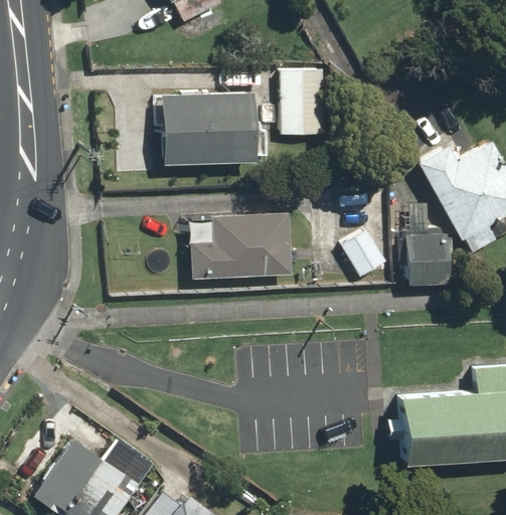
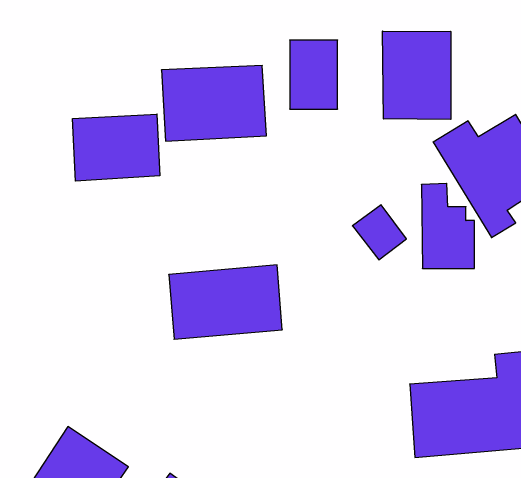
building: none -> [383,31,451,119]
building: none -> [73,114,160,181]
building: [187,210,295,281] -> [169,265,282,339]

